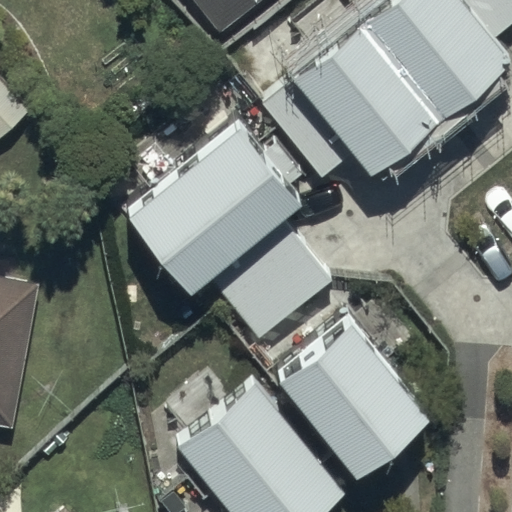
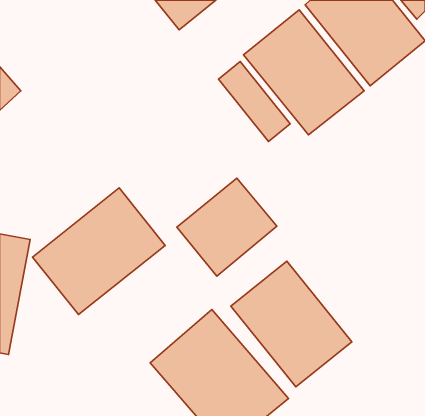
building: [131,126,302,290] -> none
building: none -> [33,188,165,315]

